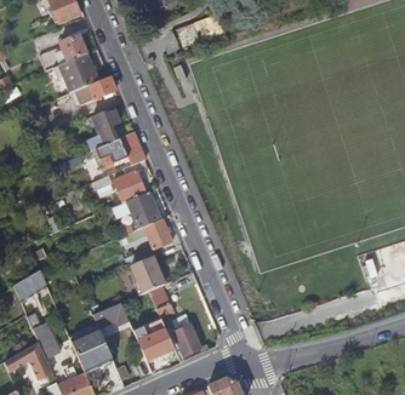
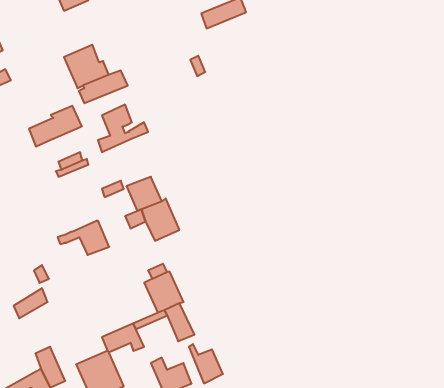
building: [39,34,86,70] -> [29,106,82,146]
building: [112,131,146,168] -> none
building: [126,218,172,248] -> [58,221,109,255]

